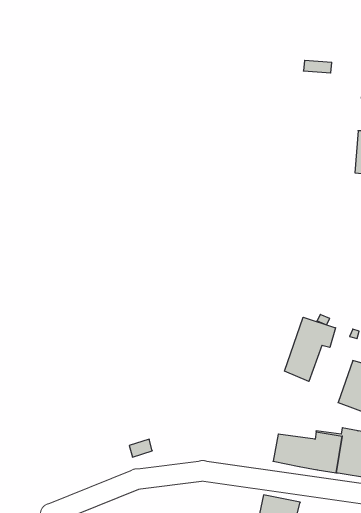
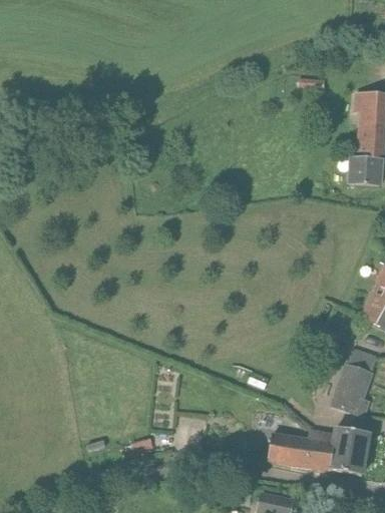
building: [284,317,336,381] -> none

